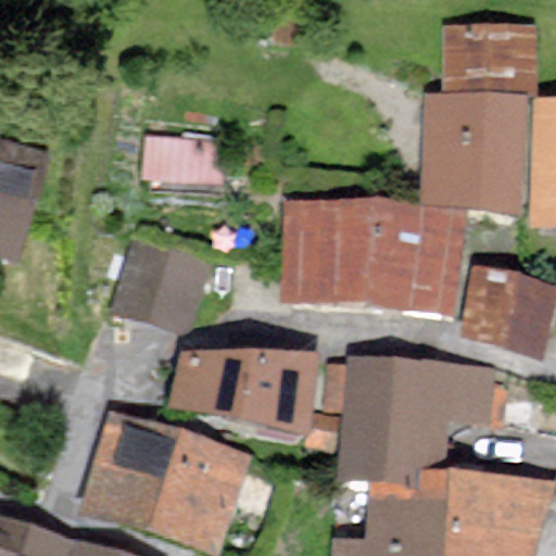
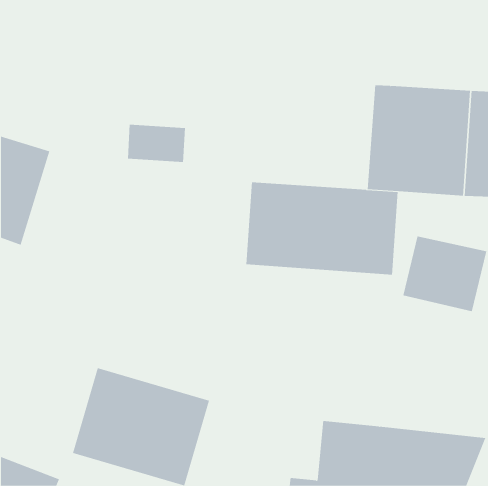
building: [445,26,541,102] -> none
building: [114,242,208,328] -> none
building: [176,358,311,415] -> none
building: [333,359,502,481] -> none

